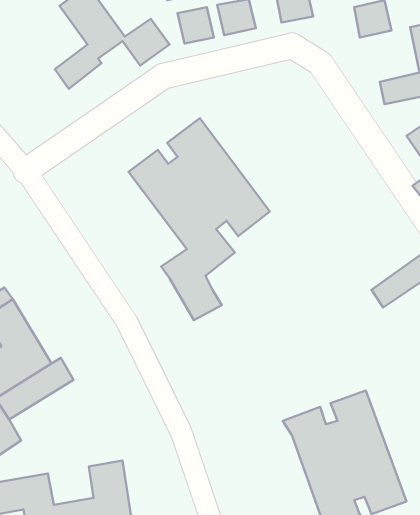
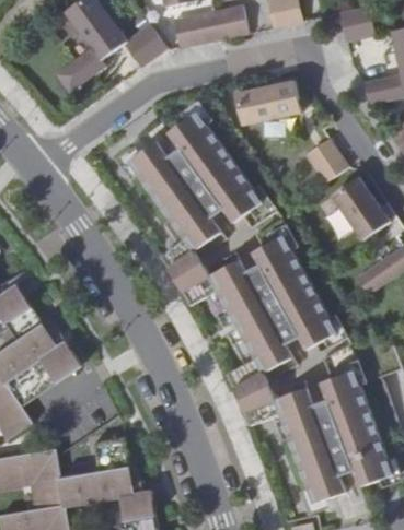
building: none -> [236,81,302,125]
building: none -> [305,138,349,182]
building: none -> [333,176,390,240]
building: none -> [208,236,336,427]

